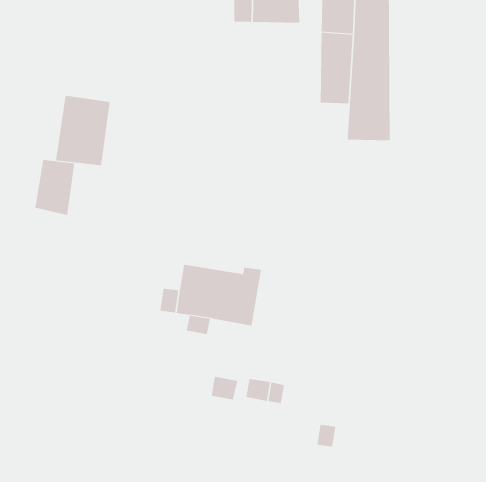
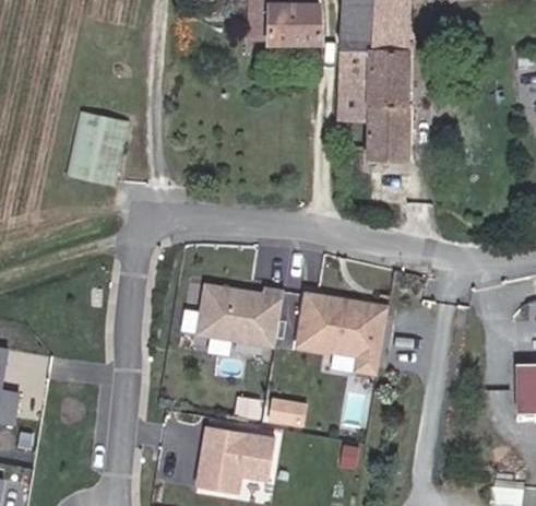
building: [35,159,75,216] -> none
building: none -> [295,292,385,373]
building: none -> [194,425,273,492]

